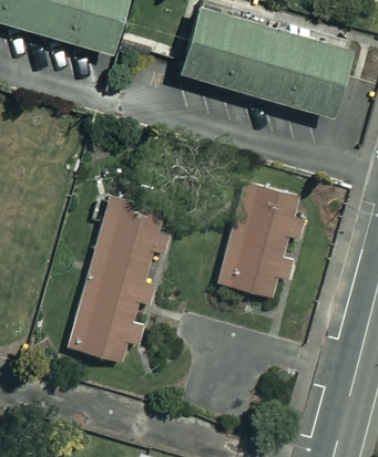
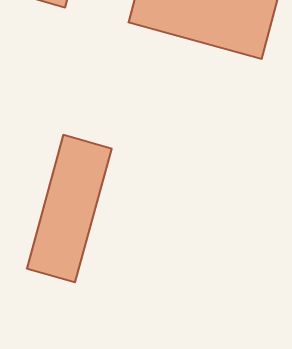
building: [217,180,304,300] -> none

